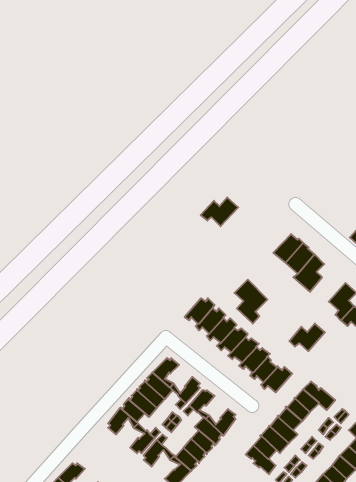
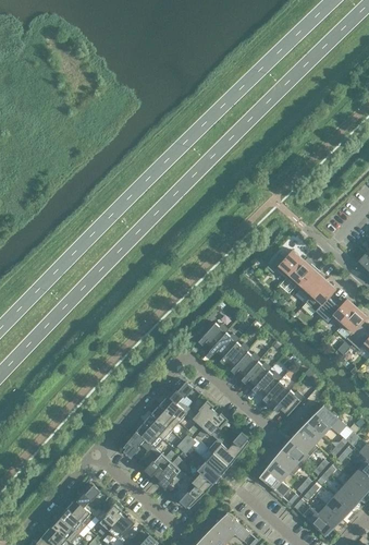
building: [201,197,238,226] -> [266,250,303,278]
building: [234,280,267,324] -> none
building: [289,323,325,351] -> [321,299,356,326]

